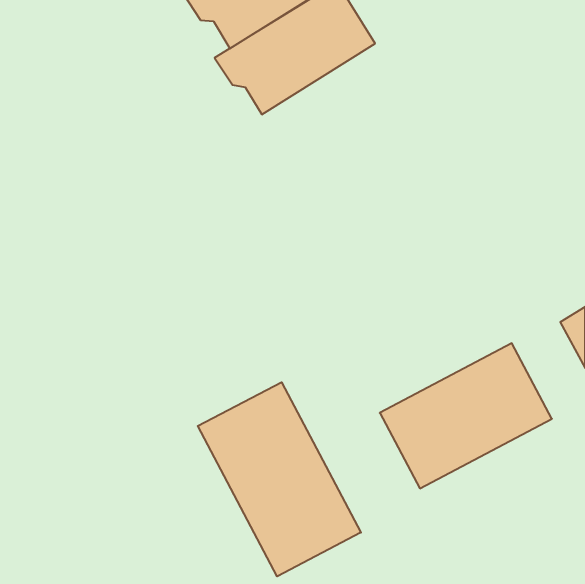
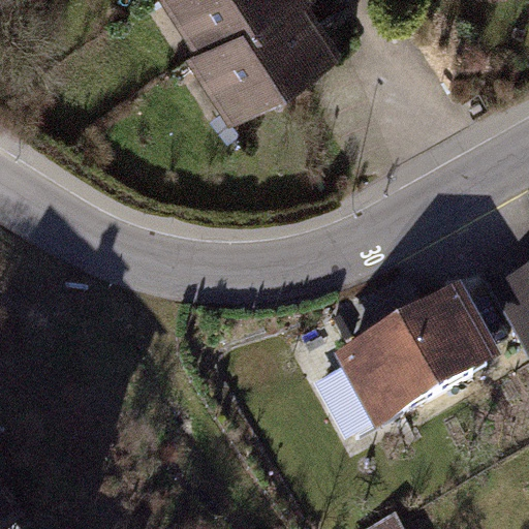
building: [198,382,361,576] -> none

